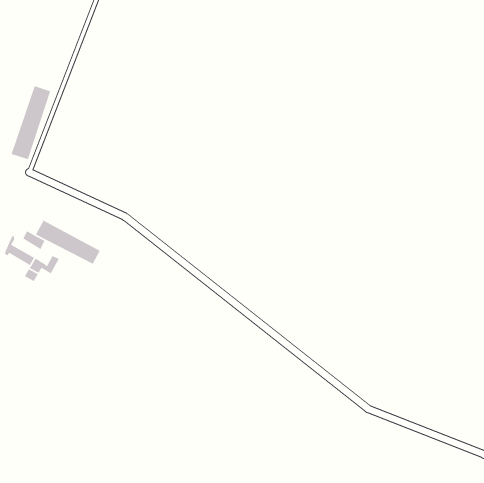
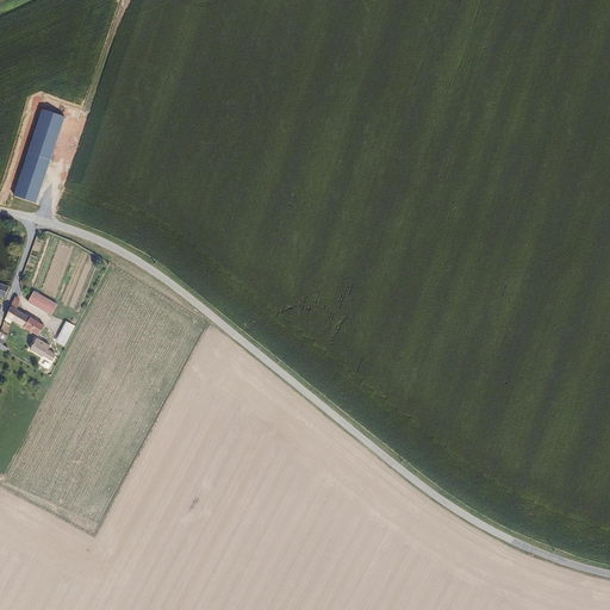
building: [35,220,101,265] -> none

